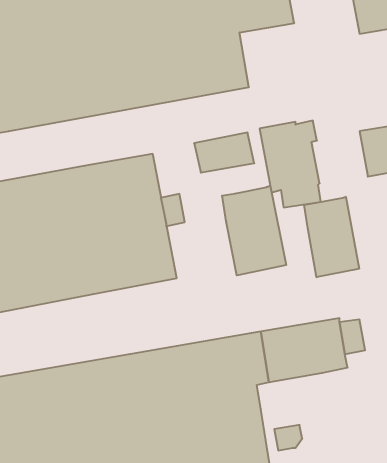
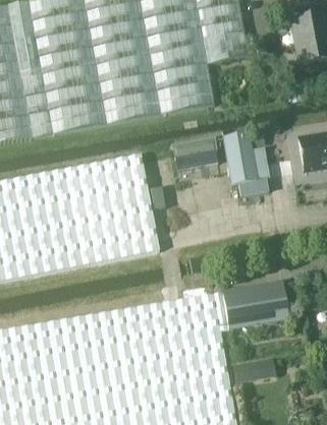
building: [222,186,286,275] -> none
building: [304,197,359,277] -> none

